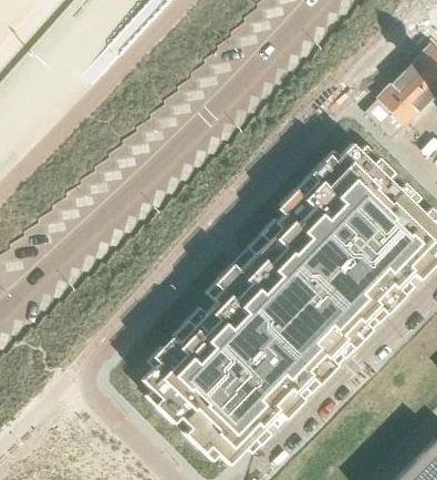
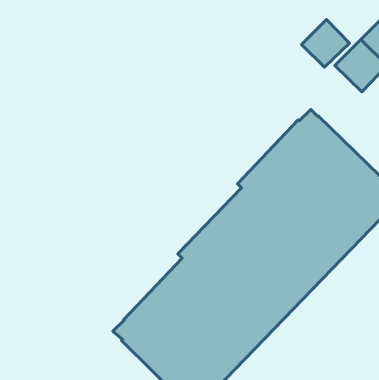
building: none -> [302,19,349,67]

